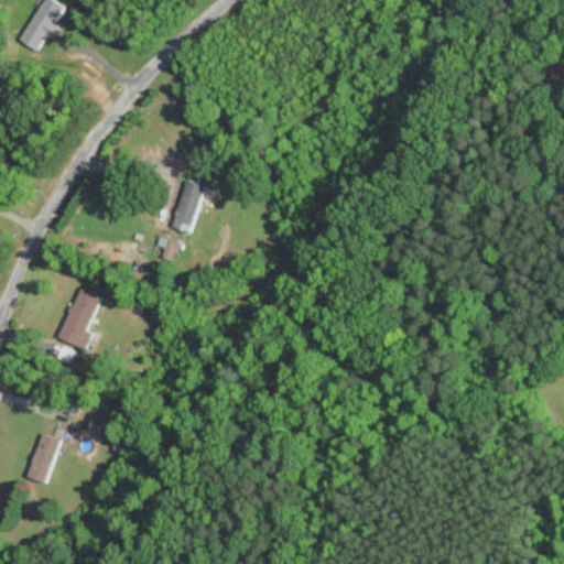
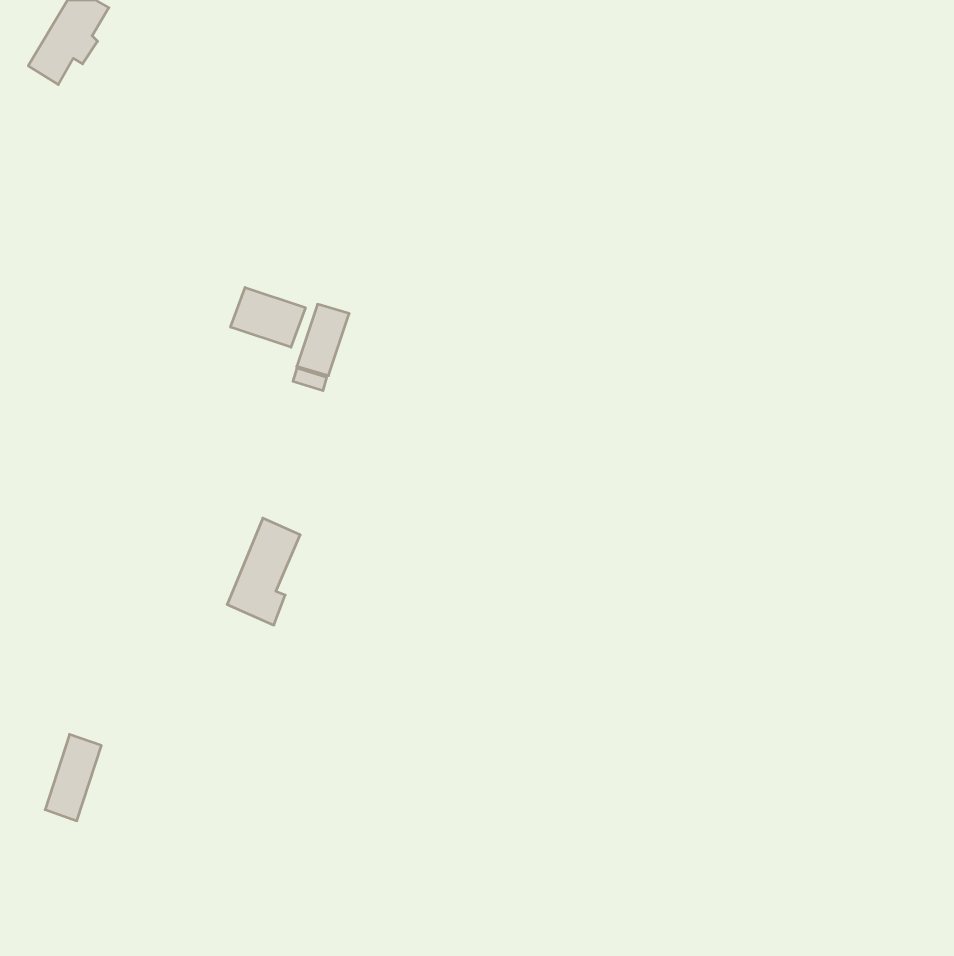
building: none -> [231,287,305,347]
building: [57,288,100,350] -> [227,518,300,625]

